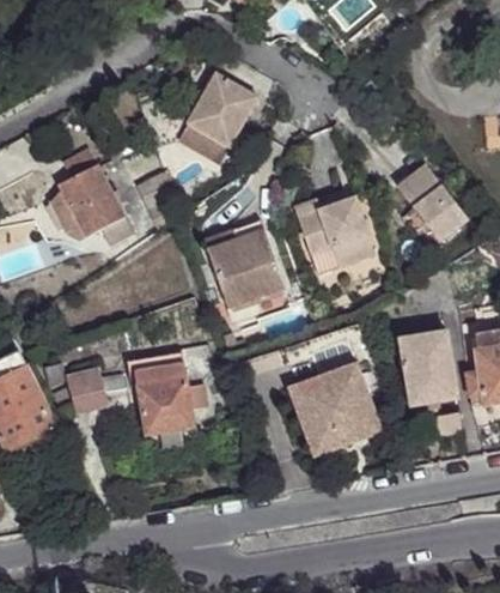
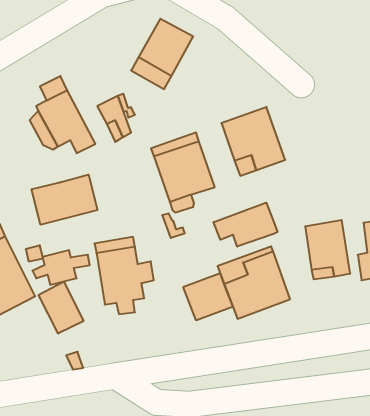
building: [396,164,468,240] -> none
building: none -> [32,175,97,225]
building: none -> [213,203,277,247]
building: none -> [183,273,233,320]
building: none -> [39,282,84,334]

